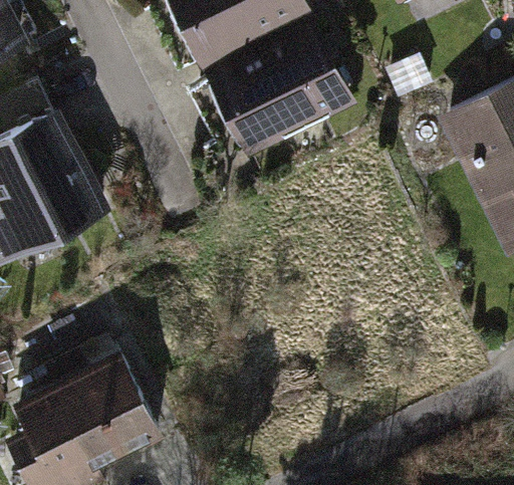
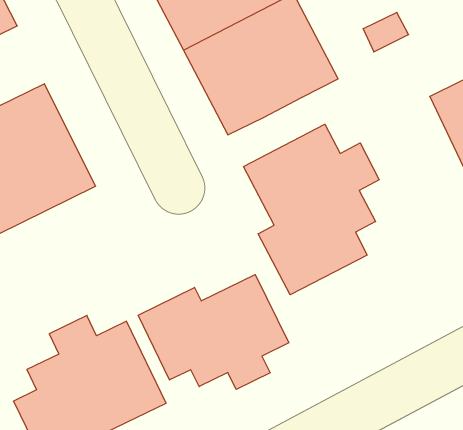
building: none -> [244,124,379,295]
building: none -> [138,275,289,389]

